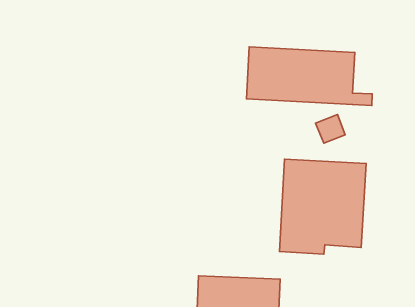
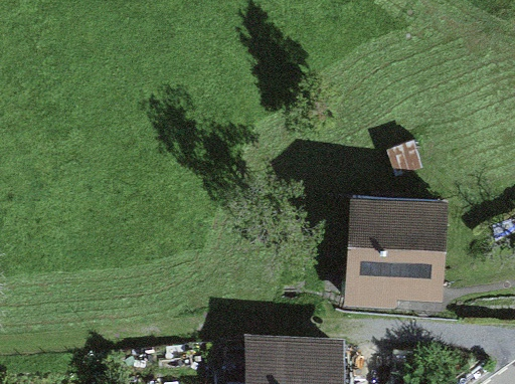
building: [247,47,372,105] -> none

